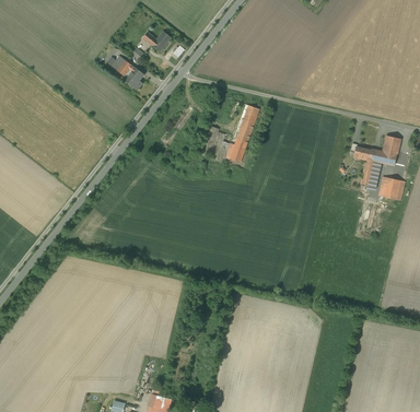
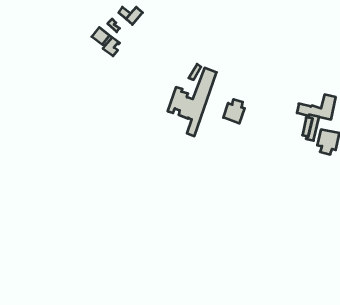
building: none -> [223,99,245,123]

